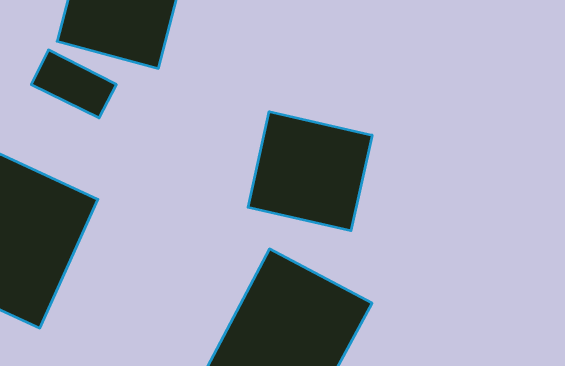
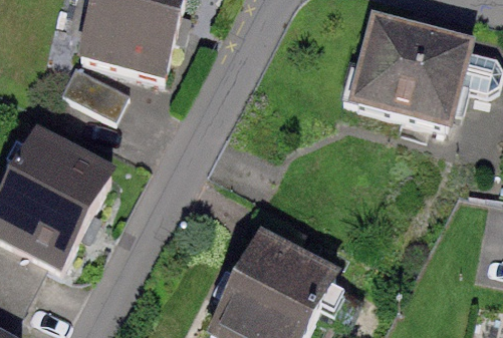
building: none -> [346,34,478,147]
building: [248,112,372,231] -> none

